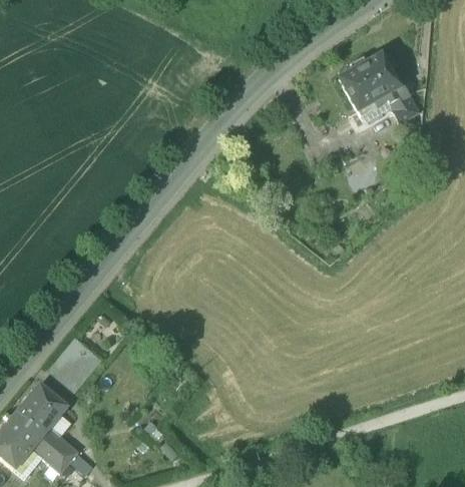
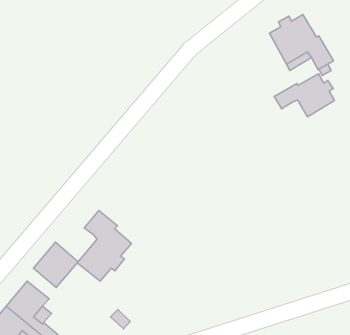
building: none -> [274,74,335,117]
building: none -> [77,210,131,281]

